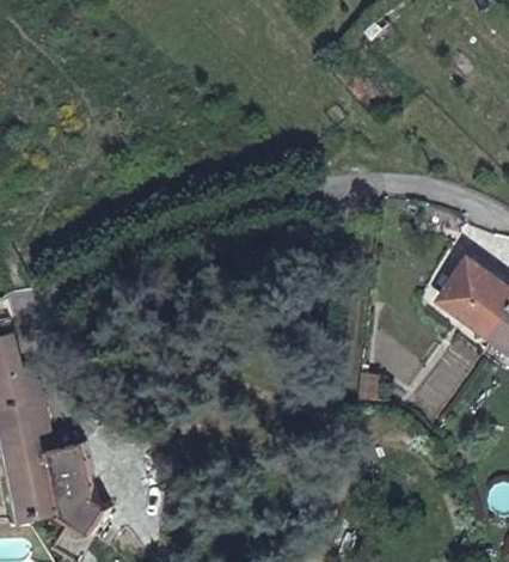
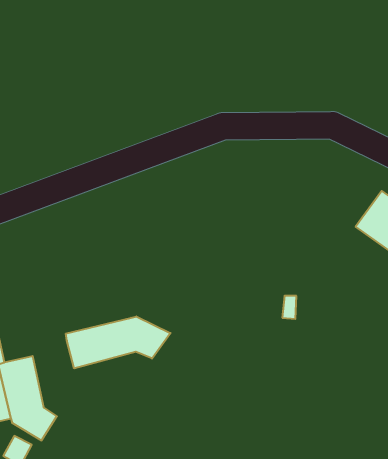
building: none -> [66,316,171,368]

